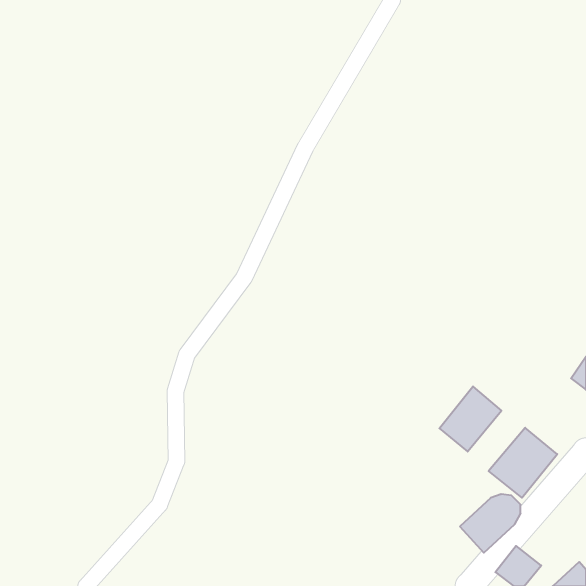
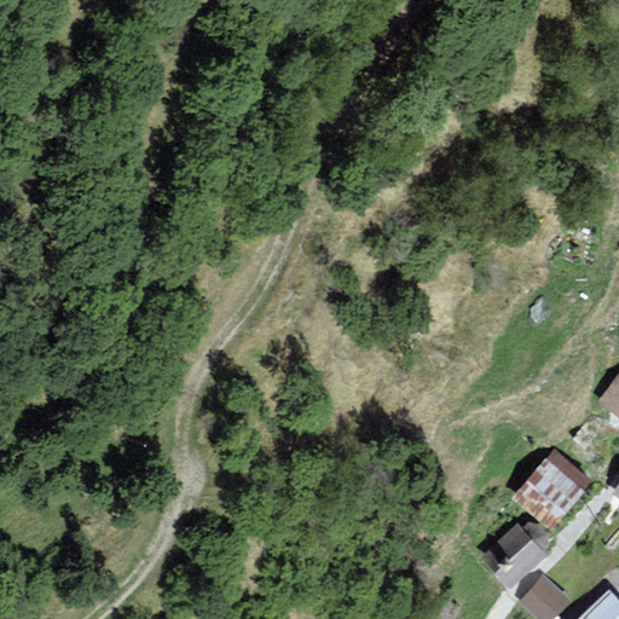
building: [439,386,501,452] -> none

